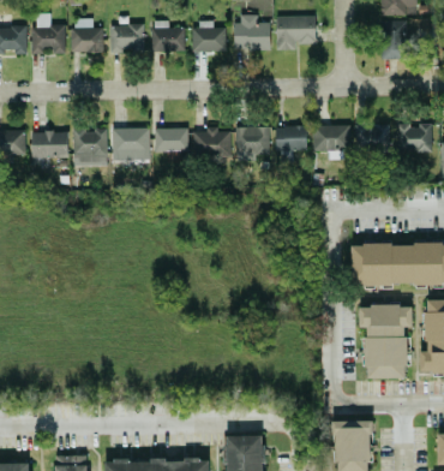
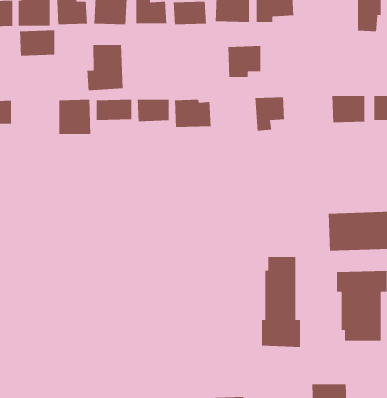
building: none -> [86,44,123,91]
building: [312,125,349,151] -> none
building: [234,127,269,161] -> [227,45,261,78]
building: [30,131,67,159] -> [19,30,55,56]
building: none -> [261,256,301,348]

